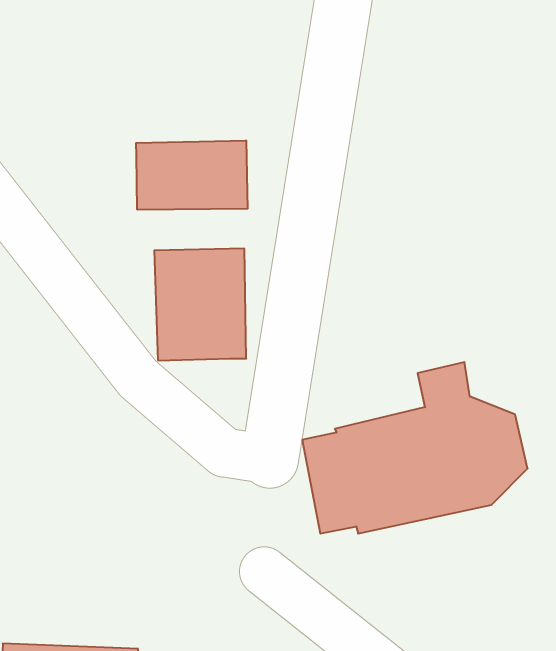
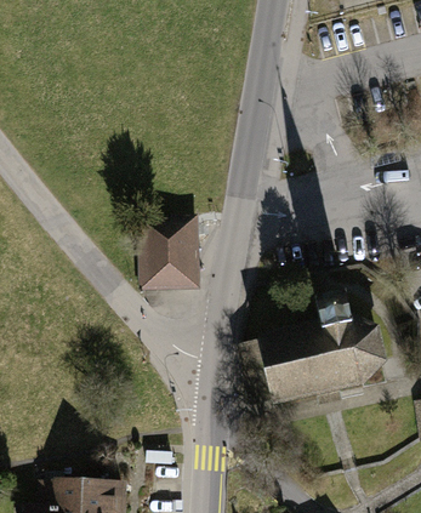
building: [136,140,248,210] -> none

